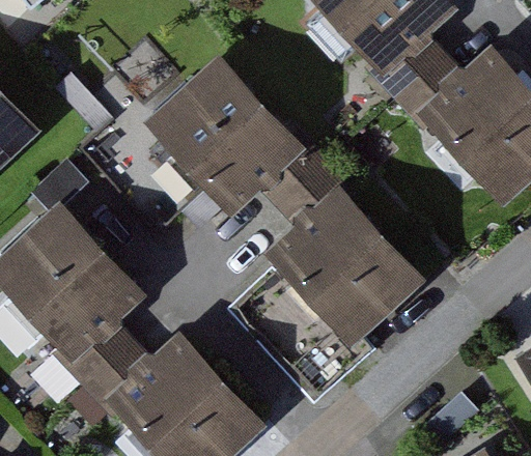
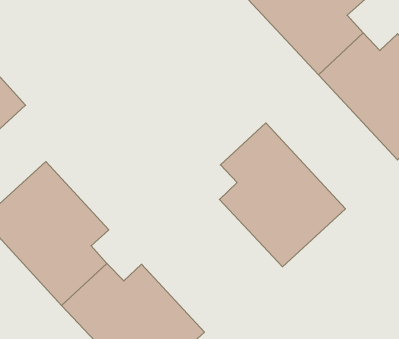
building: [153,55,329,211] -> none

